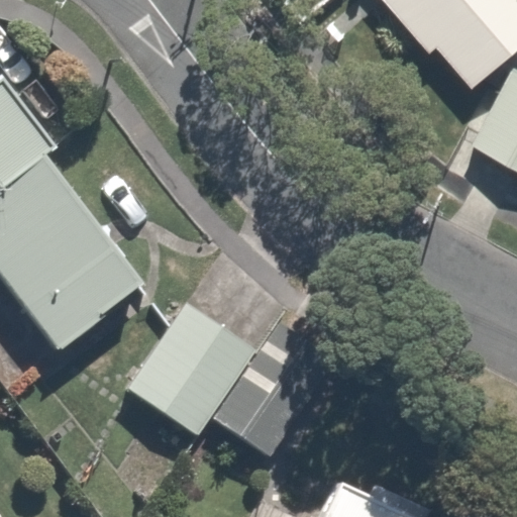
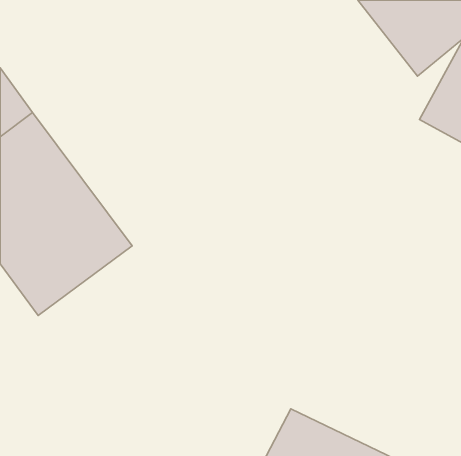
building: [121,295,262,438] -> none

